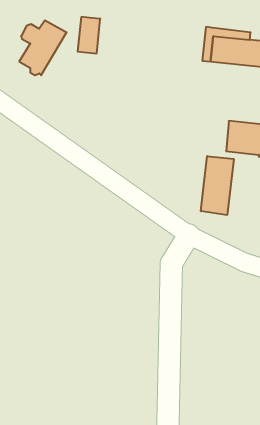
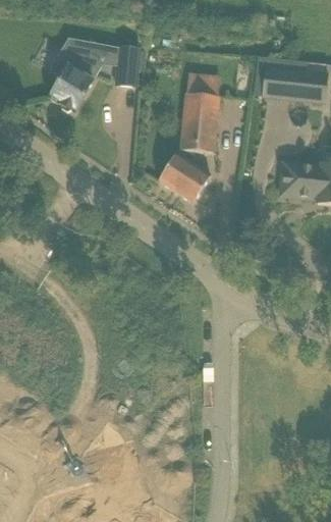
building: none -> [159,70,221,201]
building: [201,156,234,215] -> none

